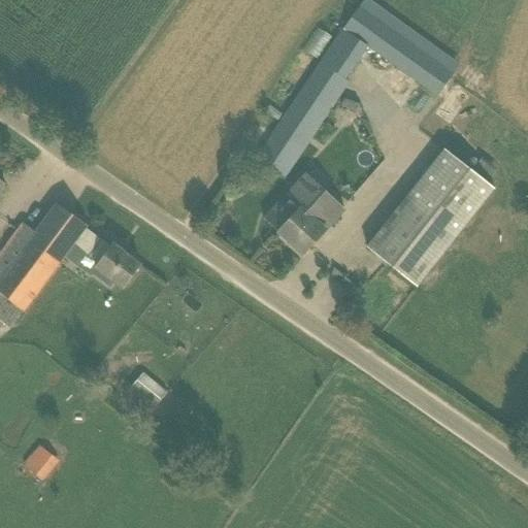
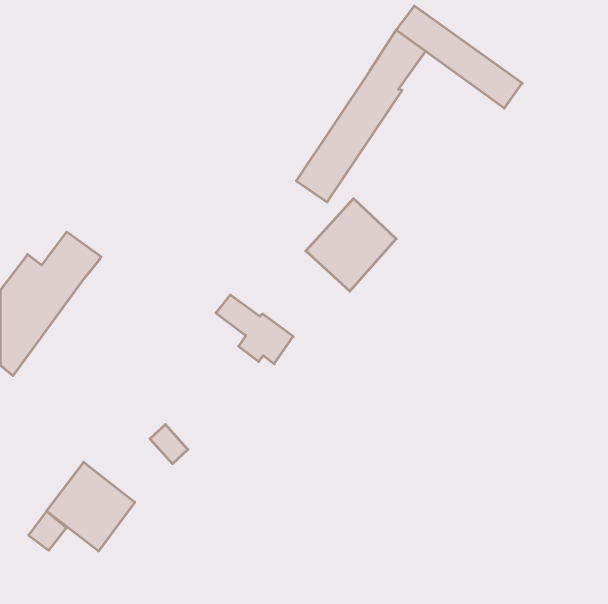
building: [367,146,494,284] -> none
building: [73,226,140,286] -> [216,295,293,364]
building: none -> [46,462,135,551]

